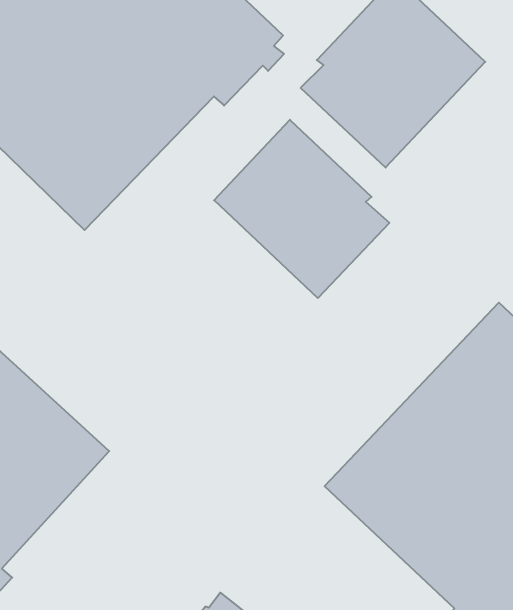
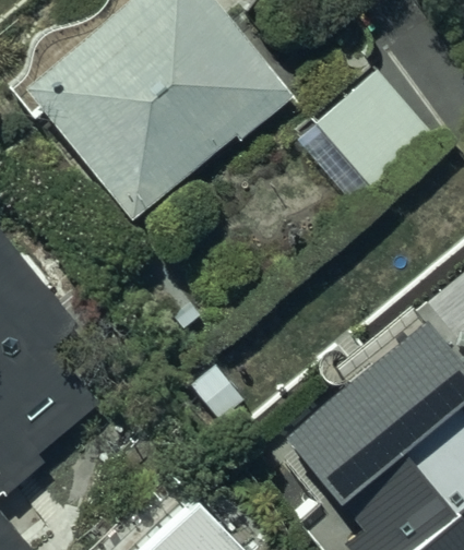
building: [214,120,389,298] -> none

